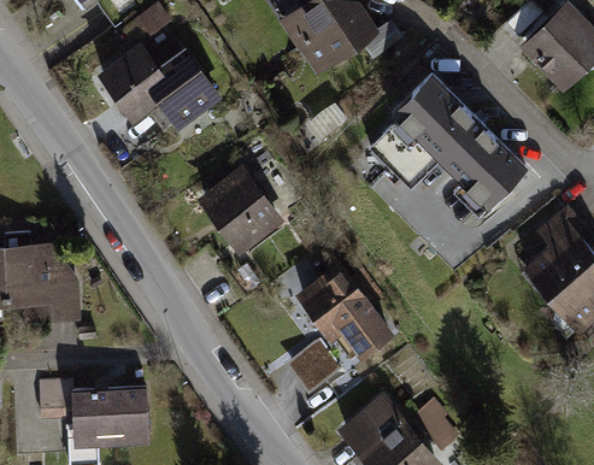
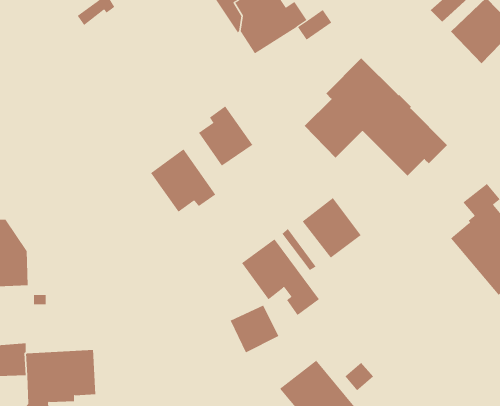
building: [104,48,216,124] -> none
building: none -> [198,106,253,167]
building: none -> [302,197,361,258]

